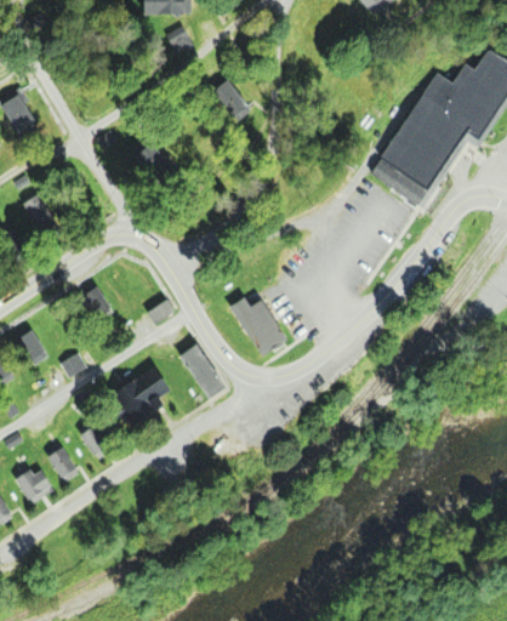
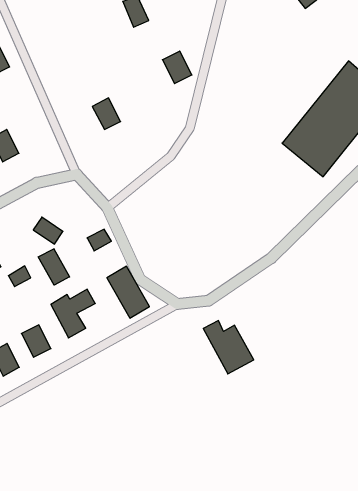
building: [227,296,290,358] -> [203,321,254,374]
building: none -> [38,249,70,285]

